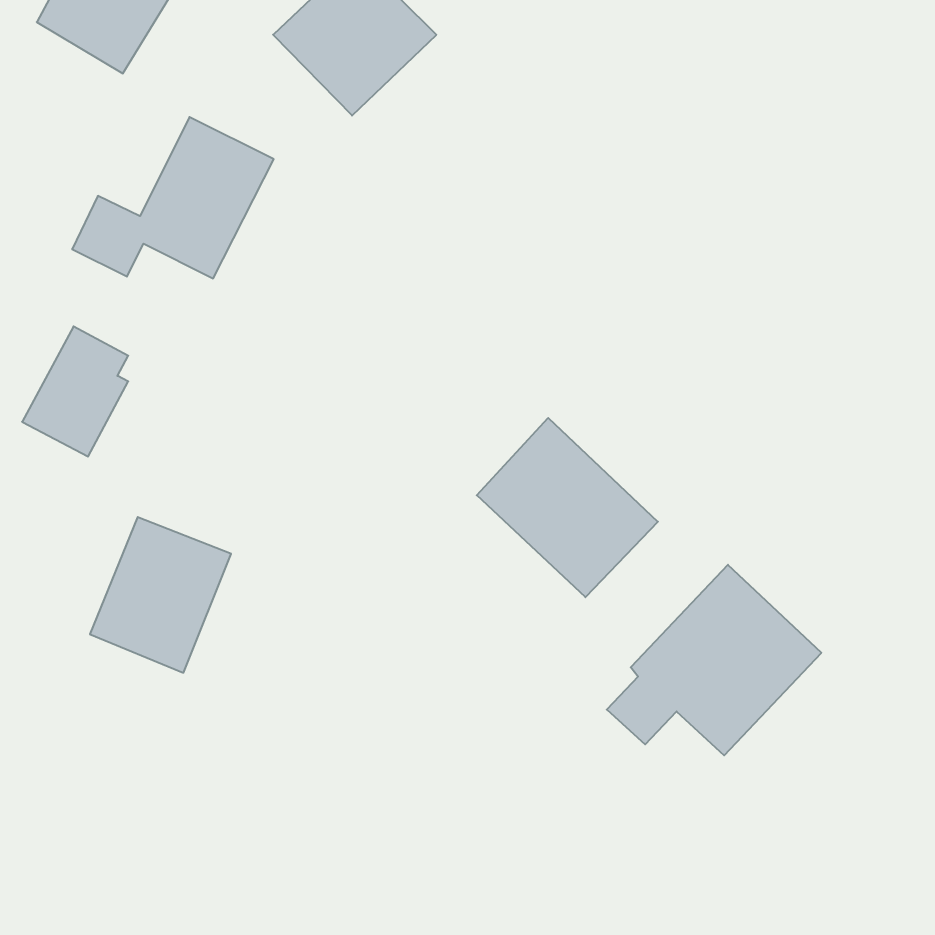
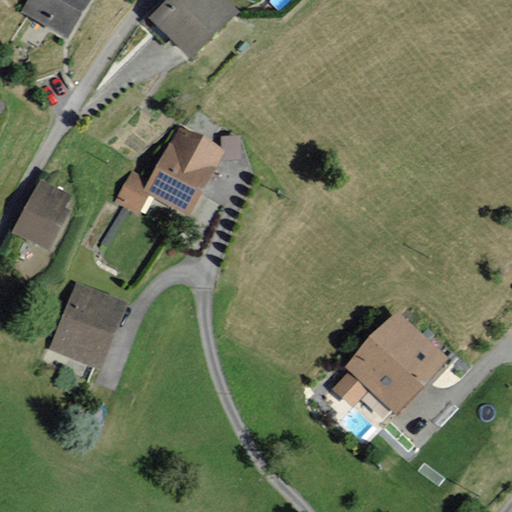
building: [72,117,274,278] -> [114,126,224,214]
building: [477,418,658,597] -> none

